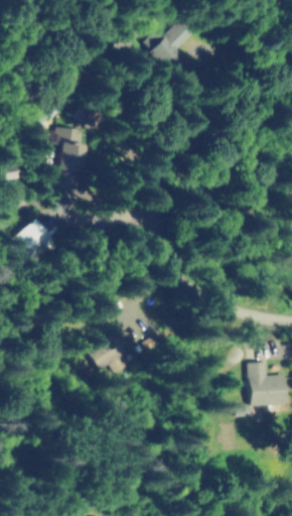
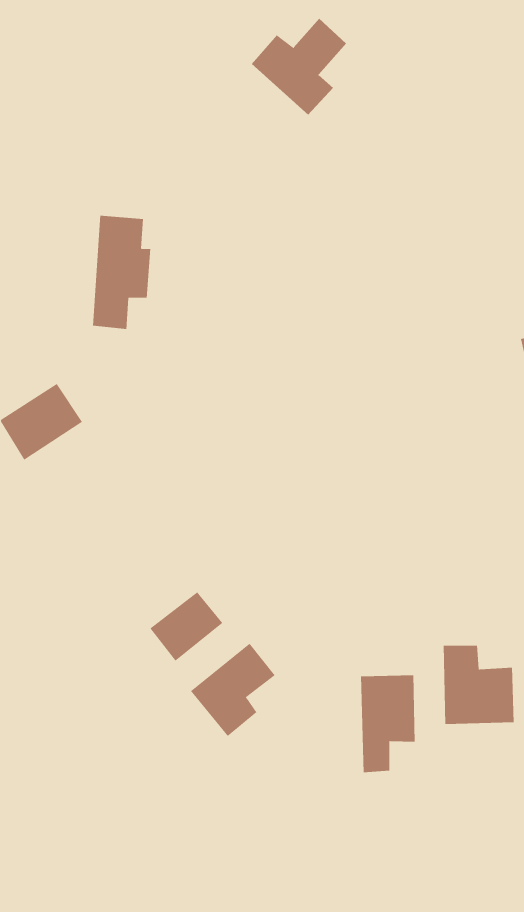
building: none -> [190,643,275,737]
building: none -> [360,674,415,773]

